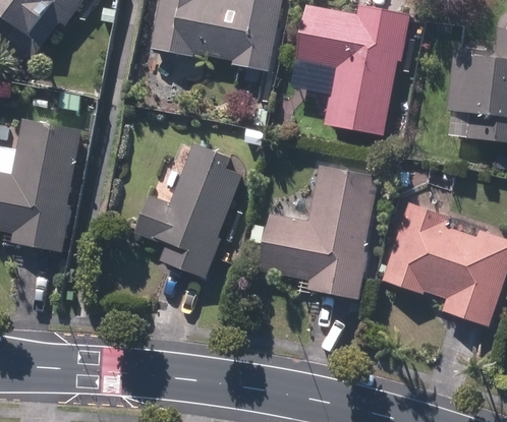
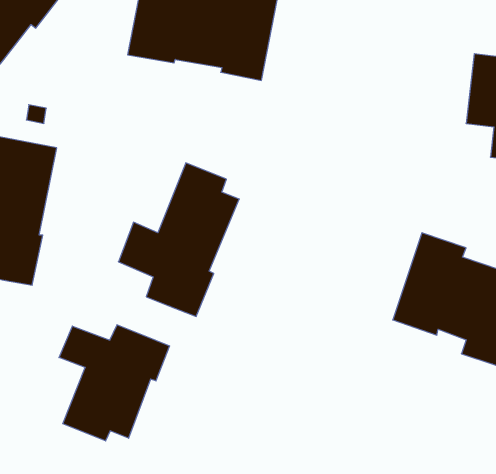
building: [294,6,405,136] -> none
building: [257,167,376,299] -> none
building: none -> [59,325,170,441]

